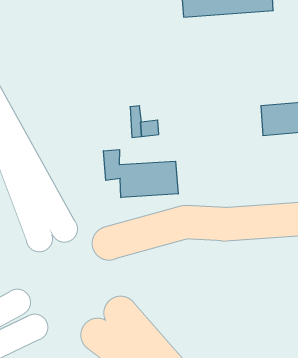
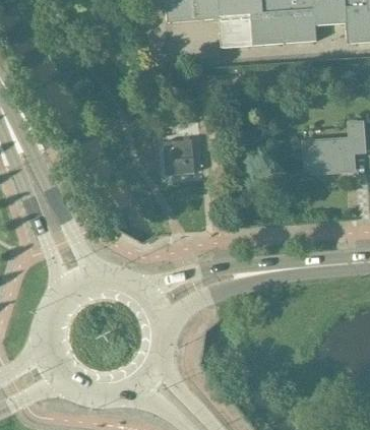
building: [104,150,178,198] -> none

